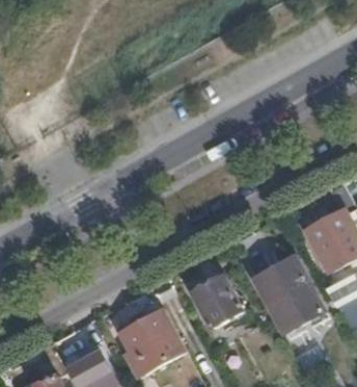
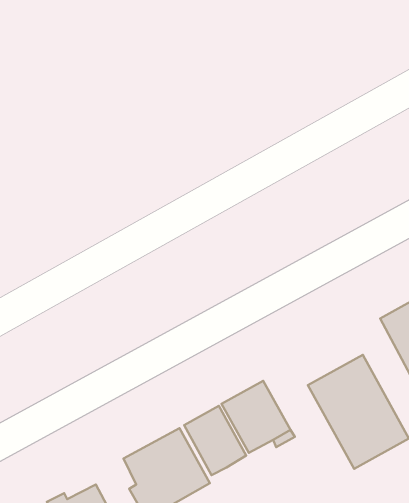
building: none -> [184,406,246,475]

